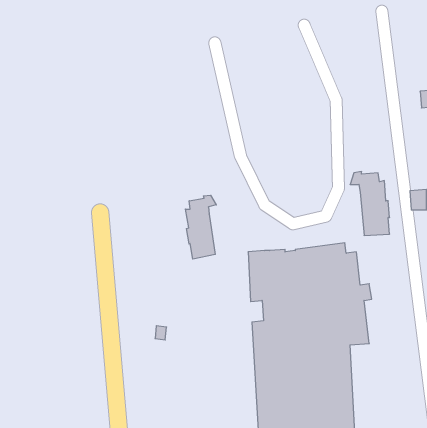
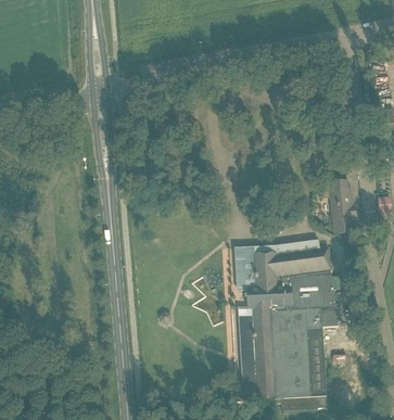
building: [185,195,216,259] -> none

